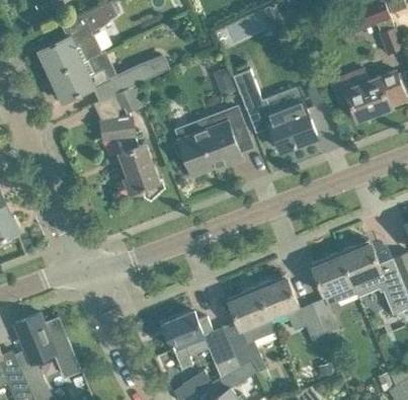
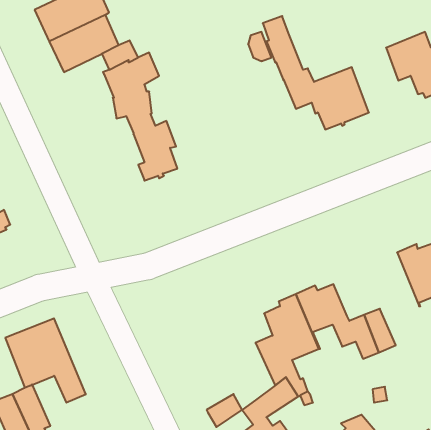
building: [116,55,169,90] -> none
building: [173,106,250,176] -> none
building: [312,252,357,297] -> none
building: [163,312,238,375] -> none

